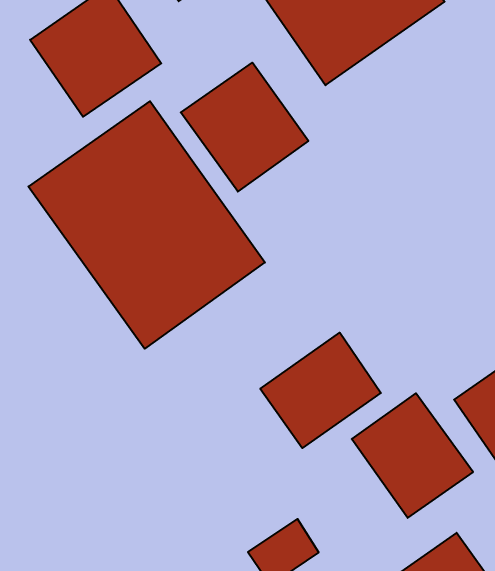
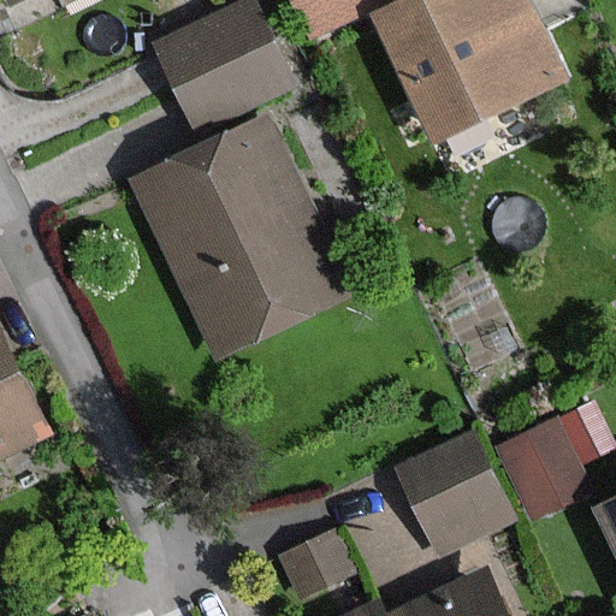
building: [181,63,308,192] -> none
building: [260,333,381,448] -> none

